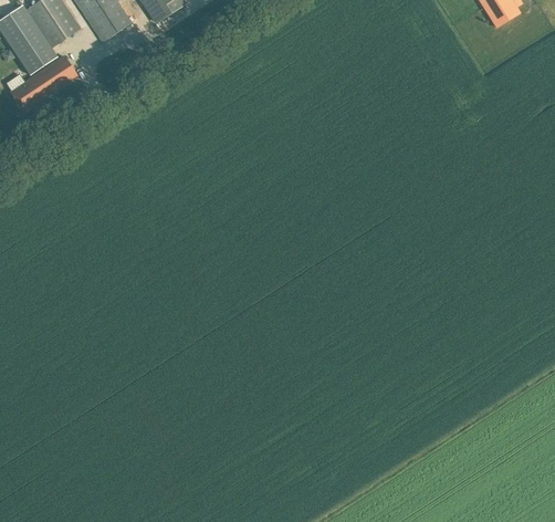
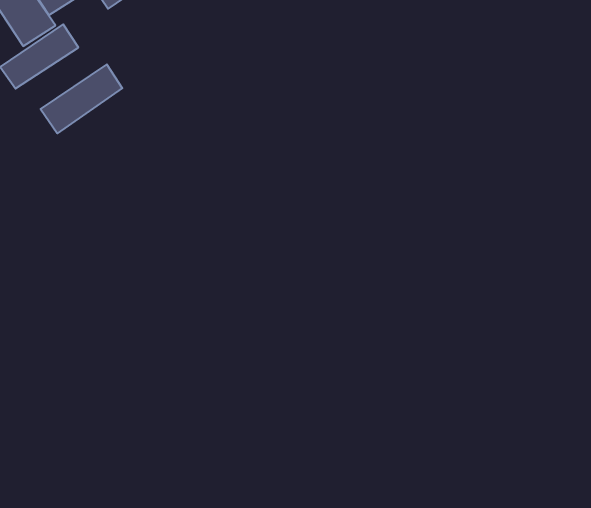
building: none -> [41,64,122,133]

